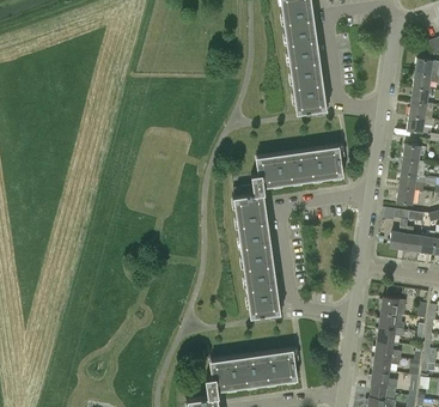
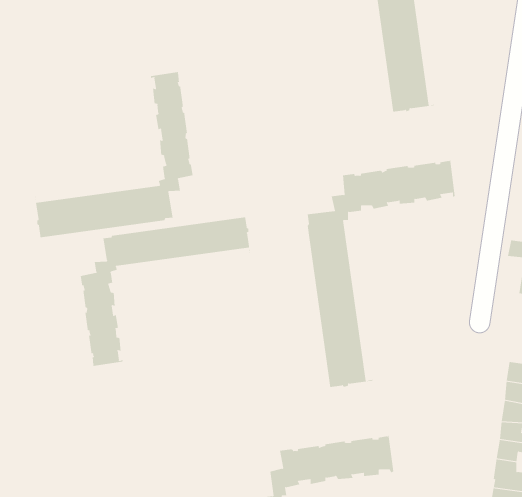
building: none -> [35,71,193,238]
building: none -> [80,216,250,367]

